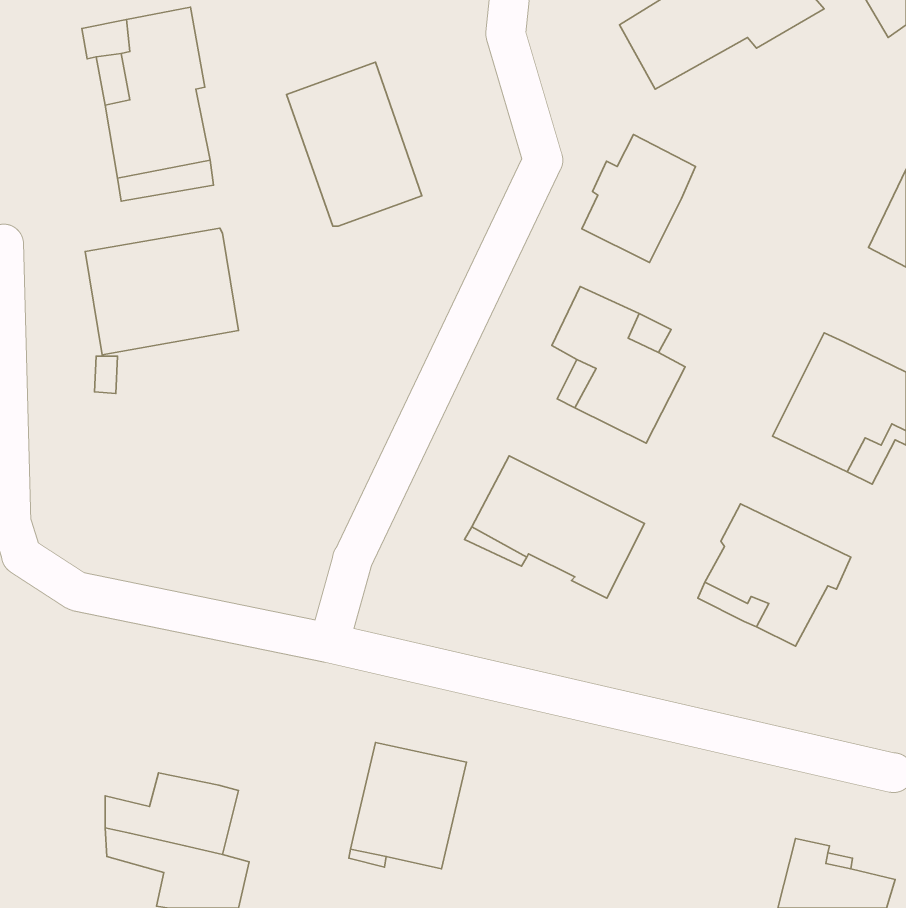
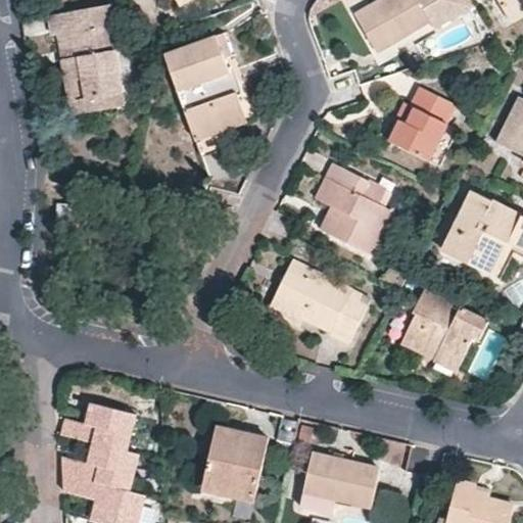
building: [582,134,696,263] -> [390,87,456,160]
building: [85,228,238,355] -> none
building: none -> [58,402,135,450]
building: none -> [299,454,380,512]

